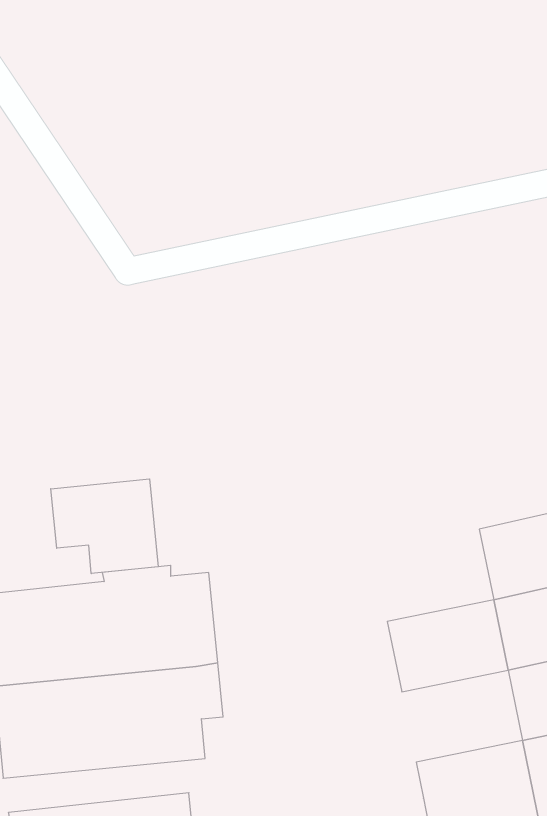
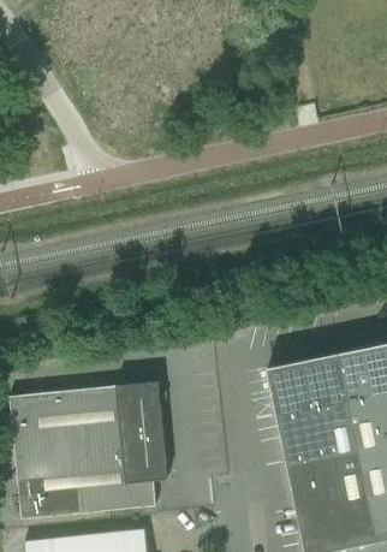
building: [51,479,158,574] -> none
building: none -> [267,354,347,415]
building: none -> [286,447,367,509]

